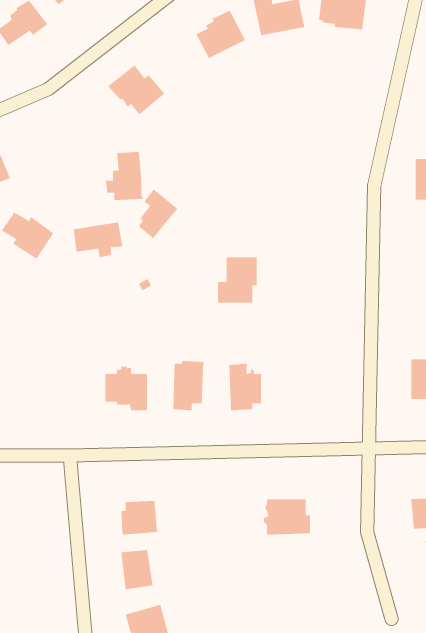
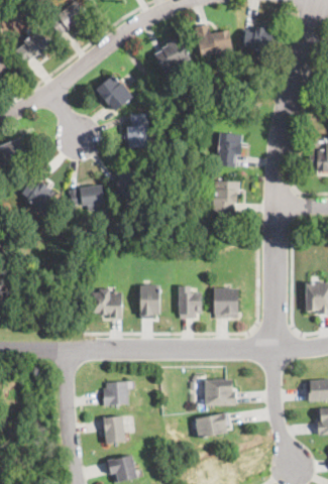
building: none -> [218,134,243,167]
building: [105,151,144,201] -> [123,113,150,147]
building: [217,257,257,303] -> [210,182,238,214]
building: none -> [214,287,240,318]
building: none -> [196,411,231,438]

